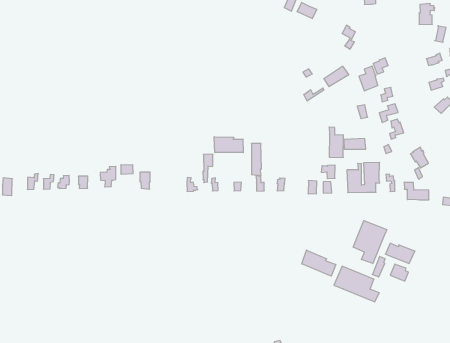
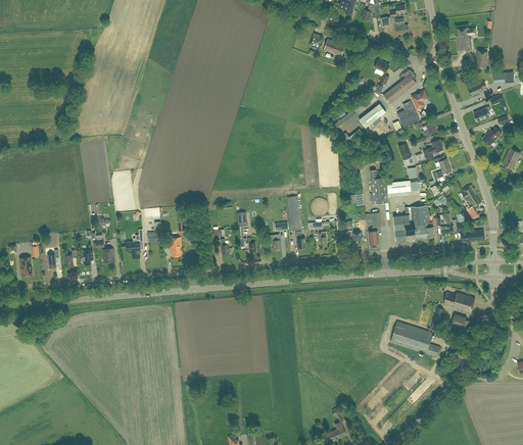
building: none -> [384,70,416,104]
building: [214,137,243,153] -> none
building: [353,221,387,264] -> none
building: [302,250,336,276] -> none

